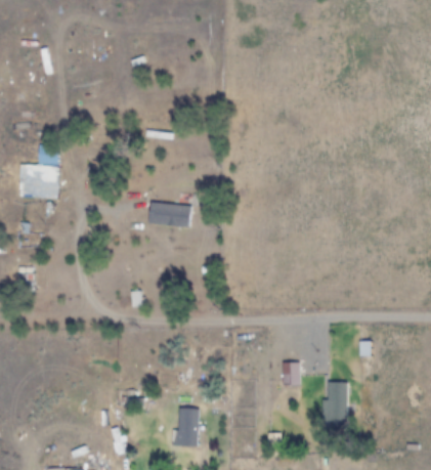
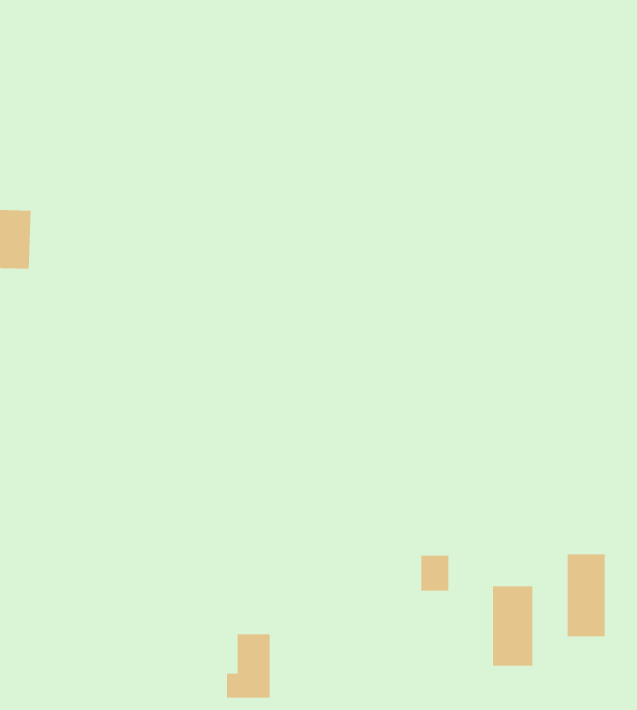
building: [150,202,192,226] -> none
building: none -> [567,553,605,637]

